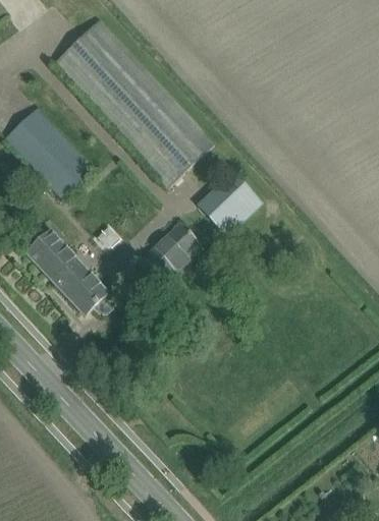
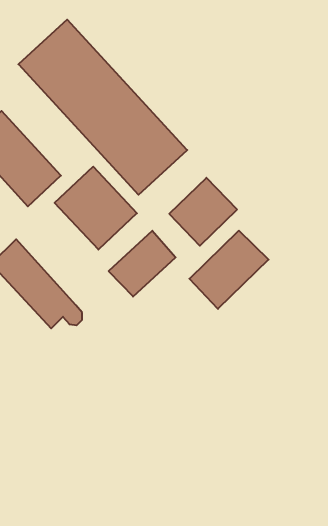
building: none -> [55,167,137,250]
building: none -> [189,231,269,309]

